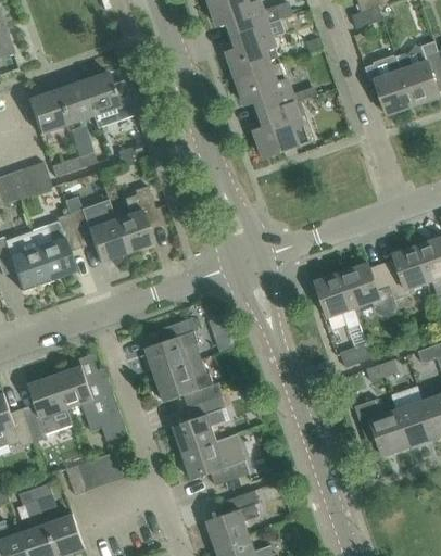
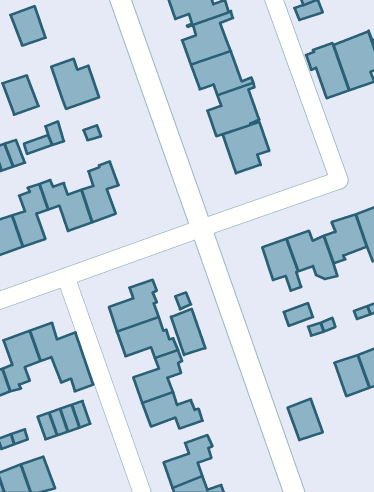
building: [53,80,92,124] -> [10,6,46,45]
building: none -> [223,122,269,173]
building: none -> [171,309,205,355]
building: [369,409,408,455] -> [288,399,323,440]

